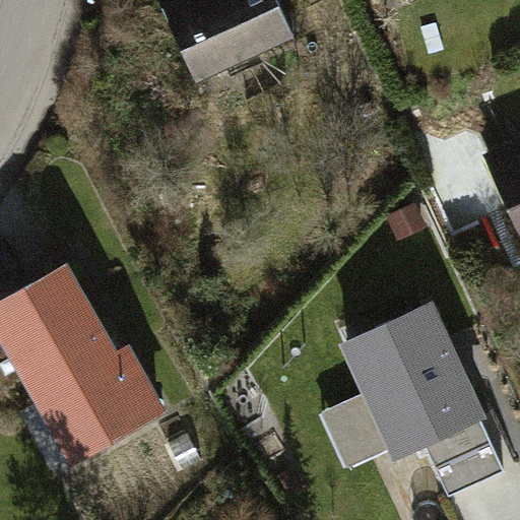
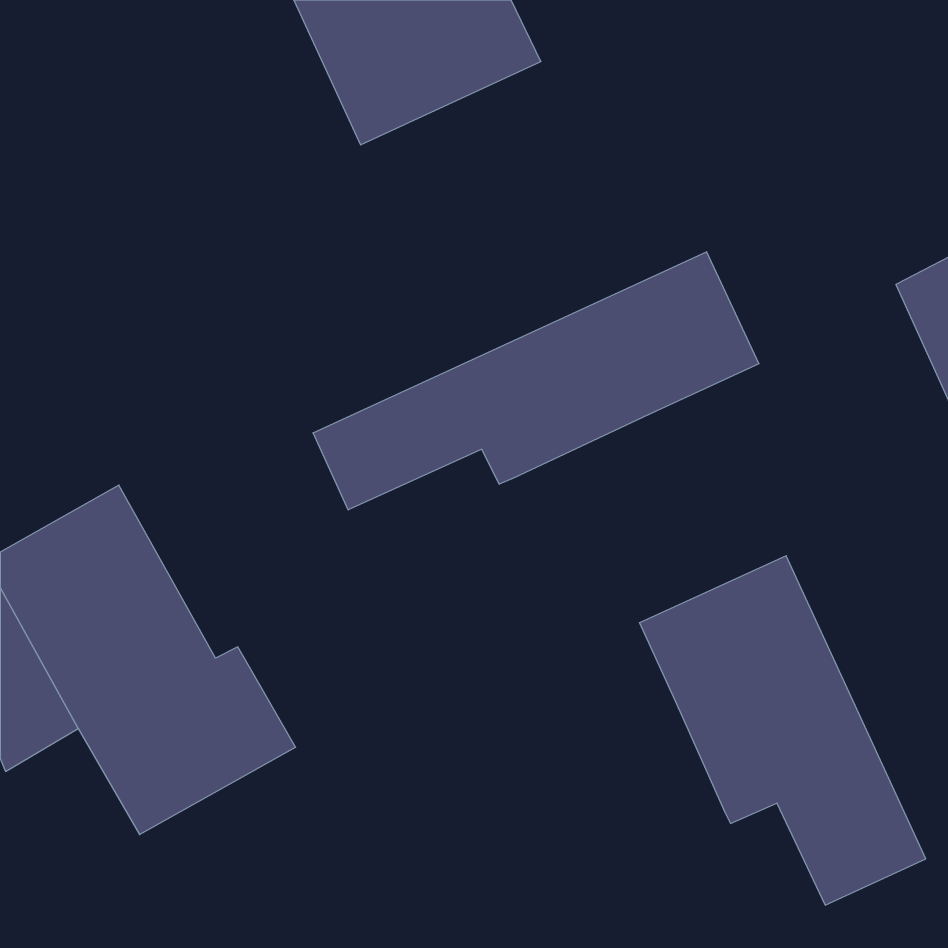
building: none -> [313,252,759,510]
building: [326,388,397,465] -> none

